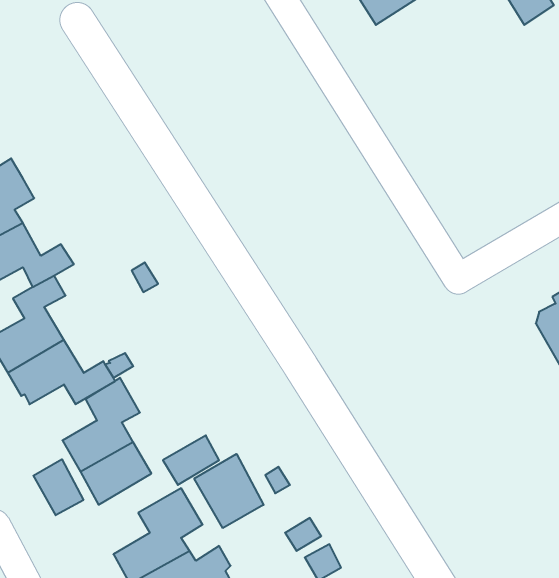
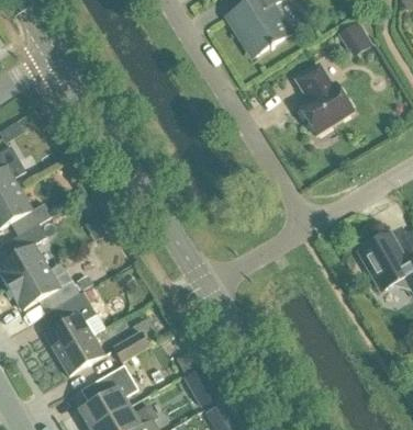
building: none -> [295,63,353,132]
building: [194,454,264,528] -> none
building: [33,459,83,515] -> none

